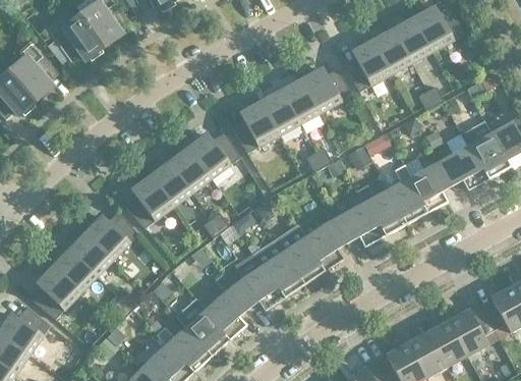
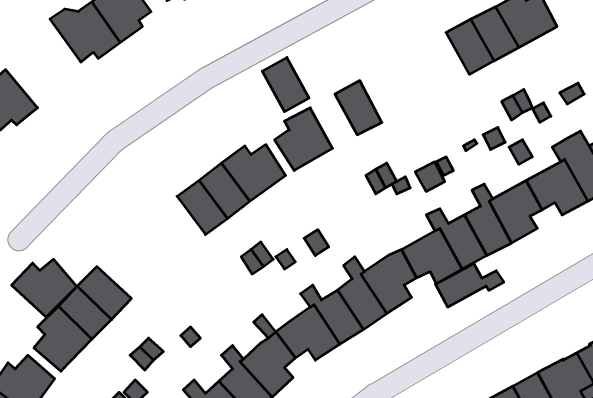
building: [343,39,391,91] -> none
building: [8,40,58,101] -> none
building: [300,66,351,113] -> none
building: [259,90,298,134] -> [262,57,309,112]
building: [123,174,173,227] -> none
building: [83,211,137,259] -> [12,259,77,317]
building: none -> [435,263,504,307]

